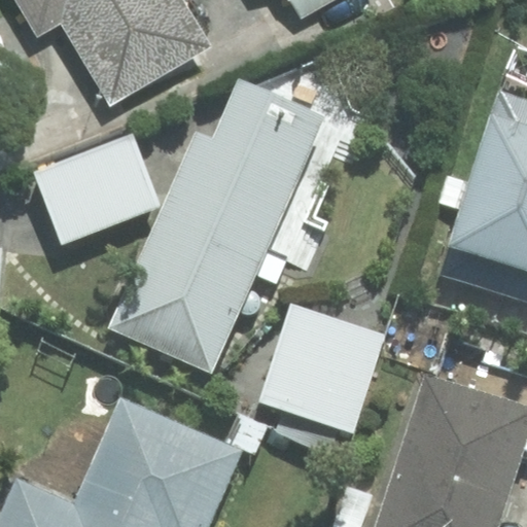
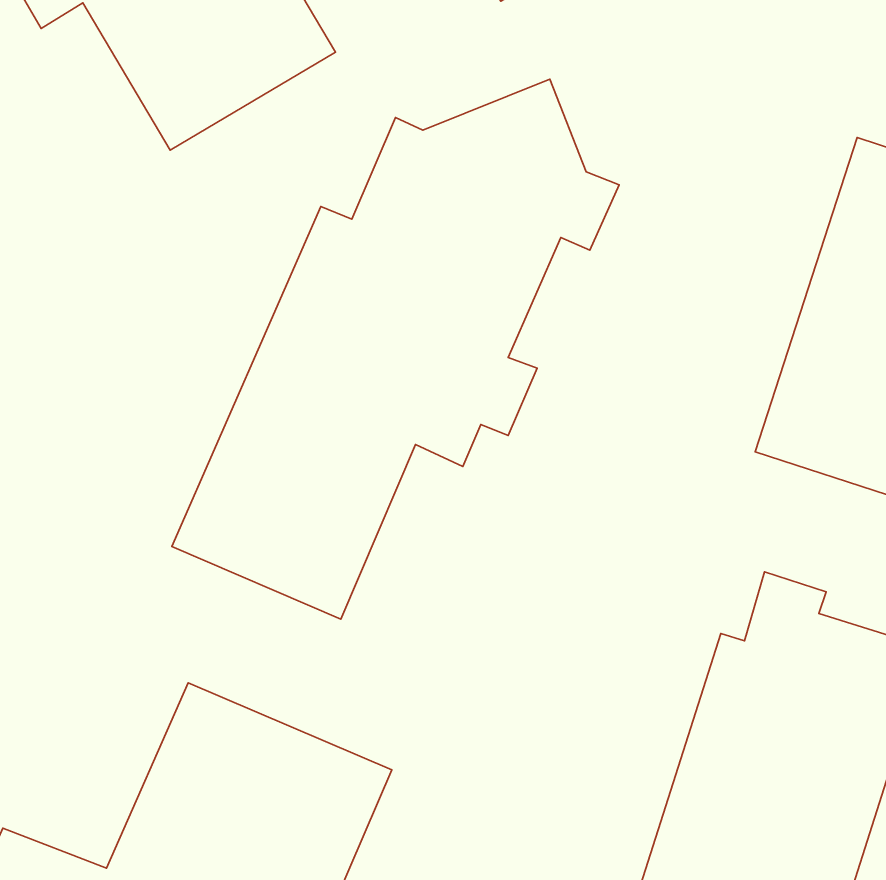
building: [36,138,156,241] -> none
building: [262,306,381,428] -> none

